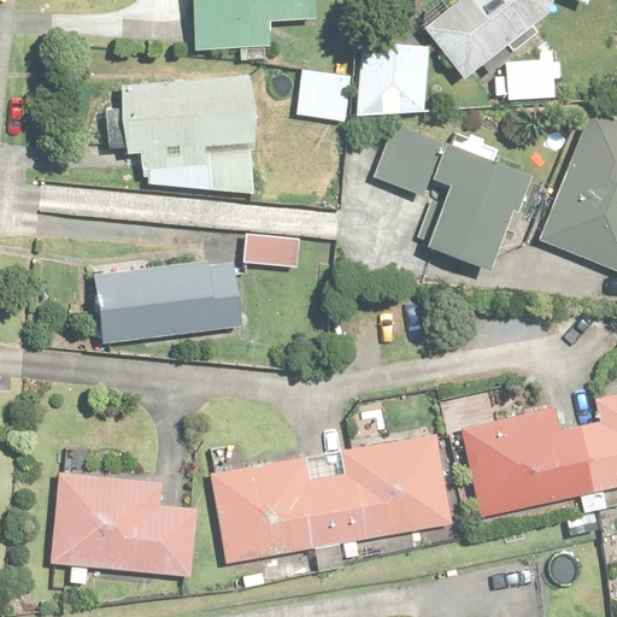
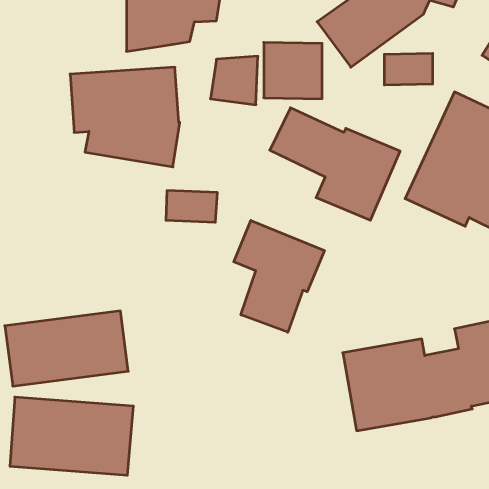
building: [74,257,224,348] -> [5,311,128,386]
building: none -> [234,220,324,332]
building: [189,437,434,569] -> none

